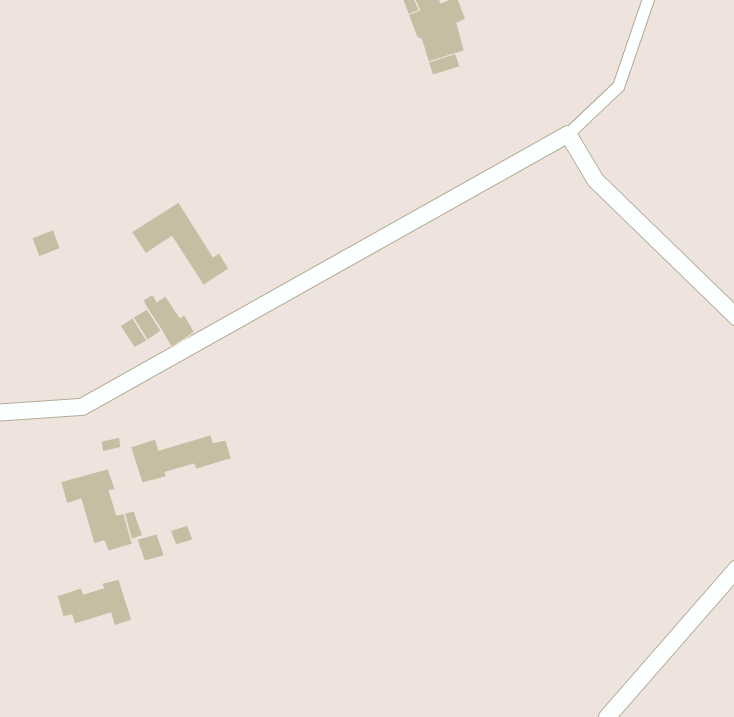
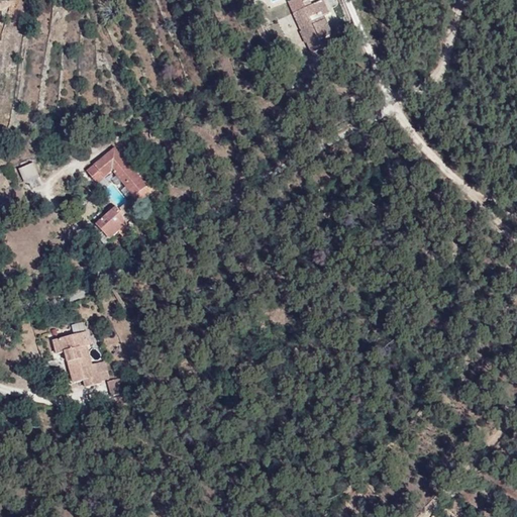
building: [130,435,231,483] -> none
building: [57,579,132,626] -> none

